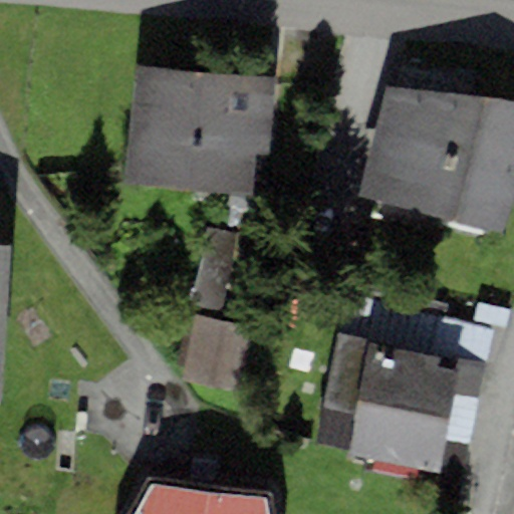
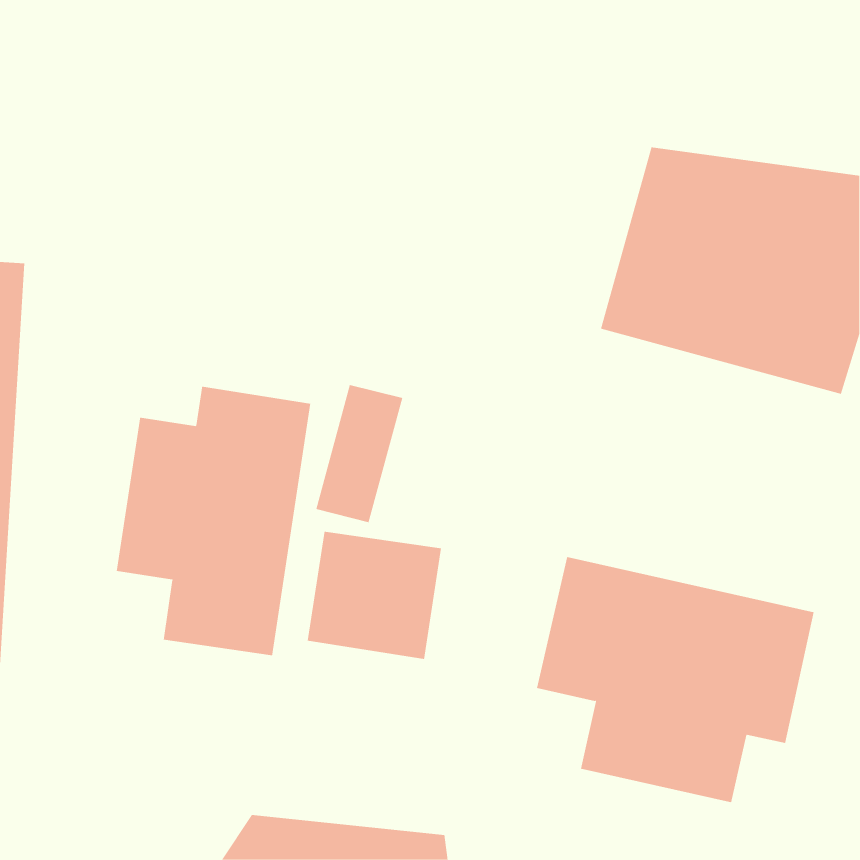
building: [124,64,274,196] -> none
building: none -> [116,386,311,656]

